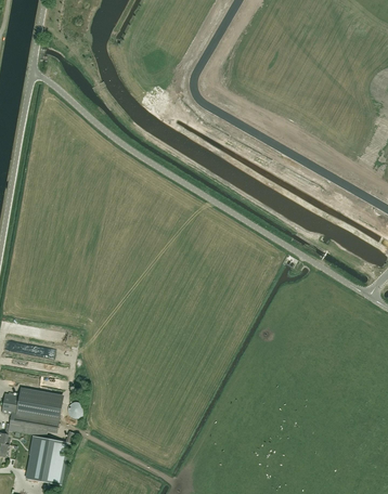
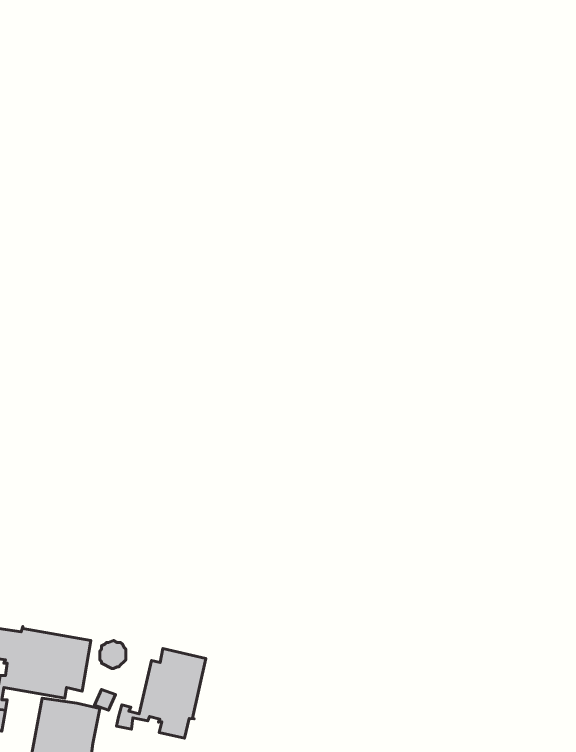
building: none -> [116,649,206,738]

